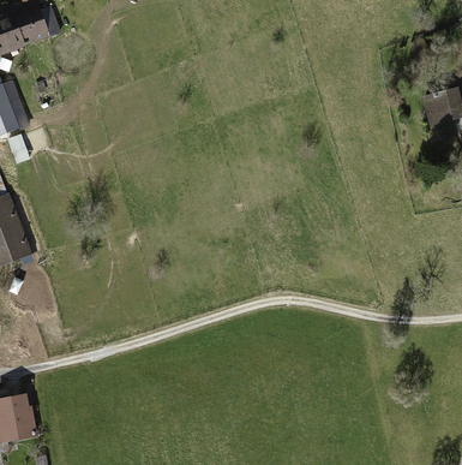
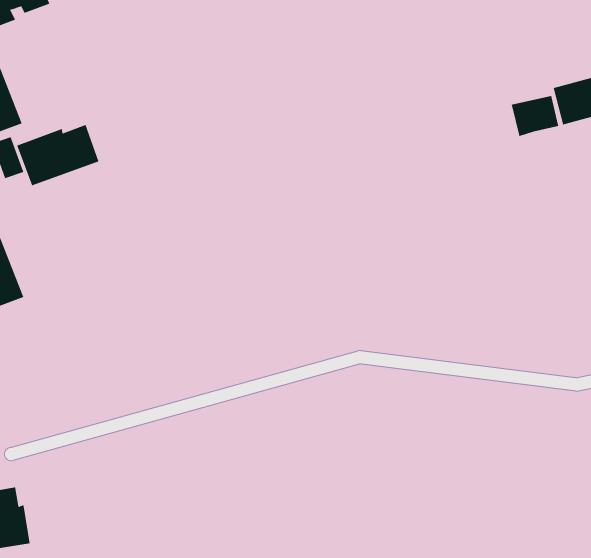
building: none -> [511,95,559,137]
building: none -> [16,124,99,186]

